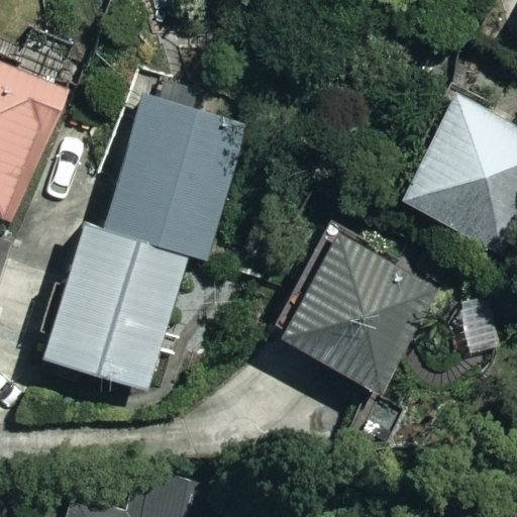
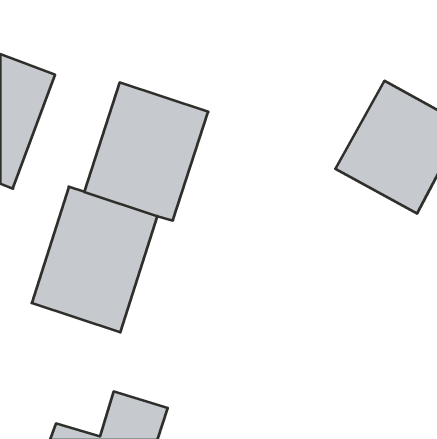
building: [272,226,441,397] -> none

